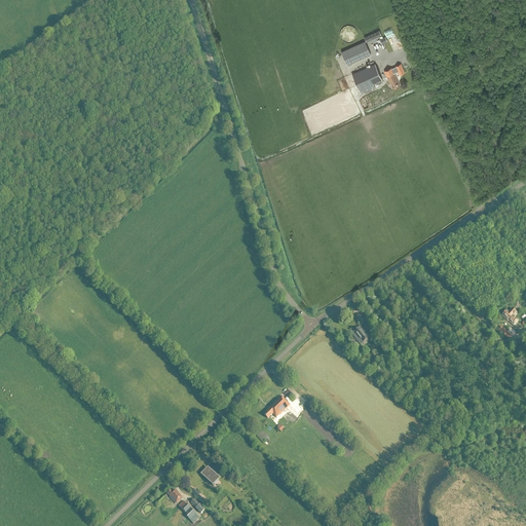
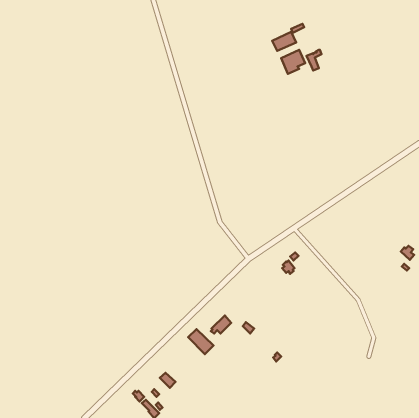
building: none -> [188,329,214,354]

